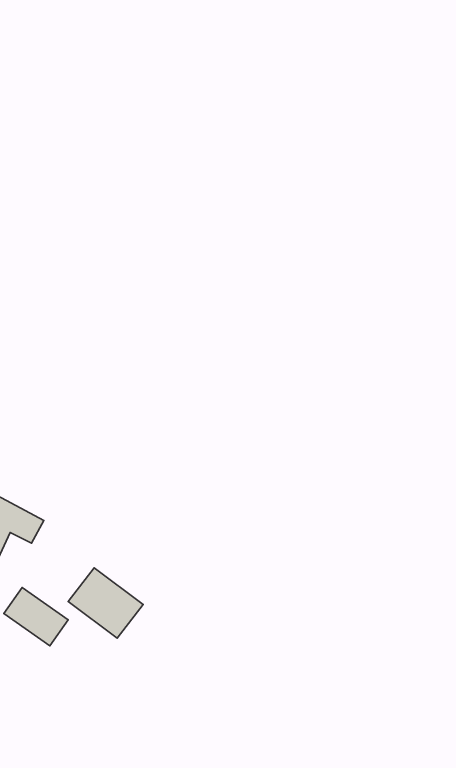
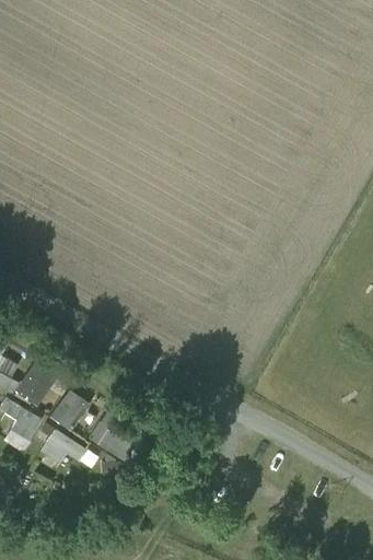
building: none -> [49,389,91,431]

